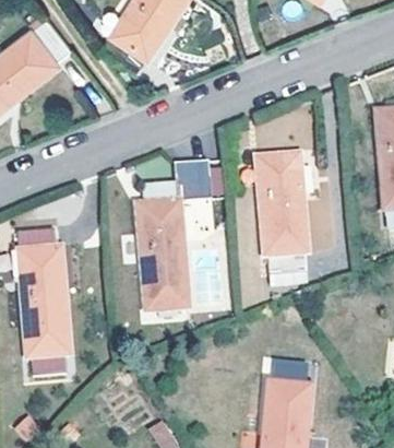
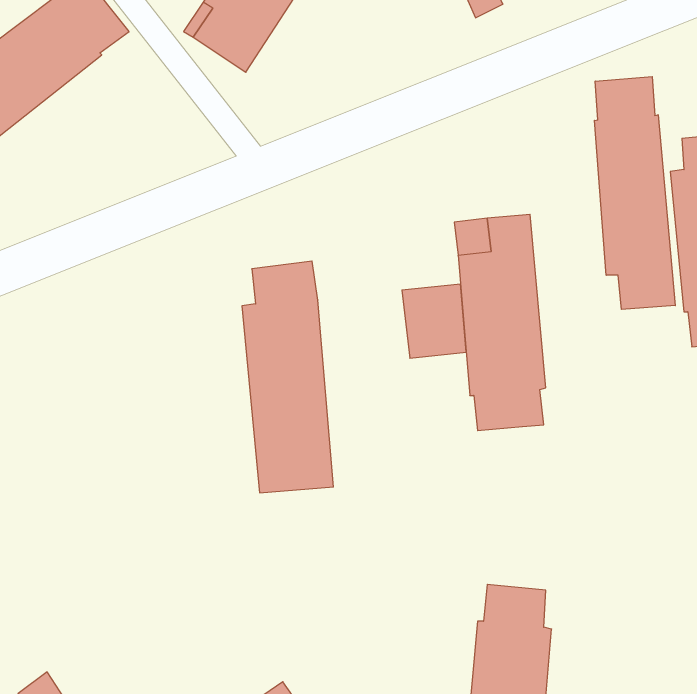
building: none -> [594,77,675,309]
building: [175,160,211,201] -> [402,284,466,358]
building: [17,228,69,375] -> none

